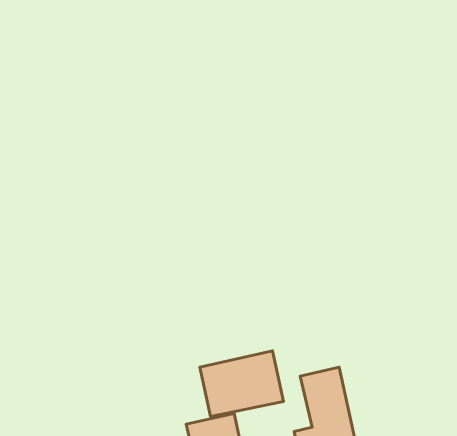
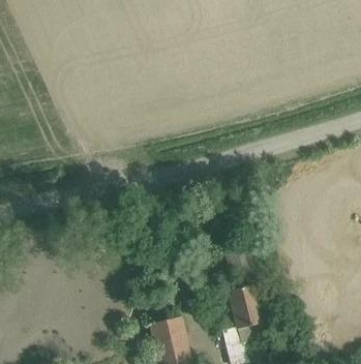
building: [200,351,284,416] -> none

